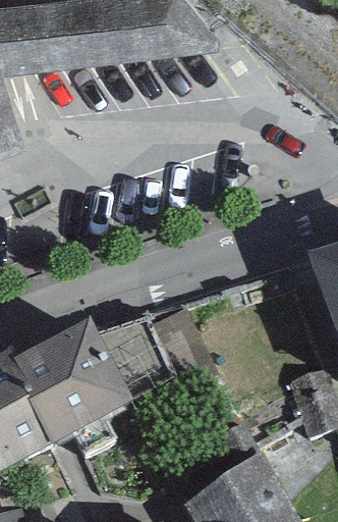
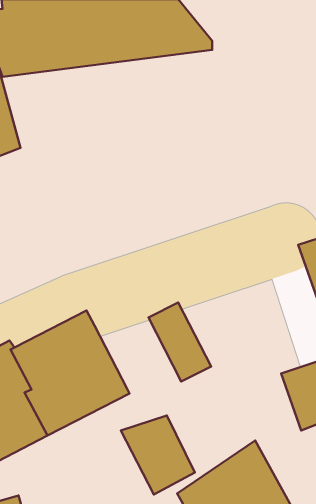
building: [98,317,173,398] -> [121,416,195,494]

